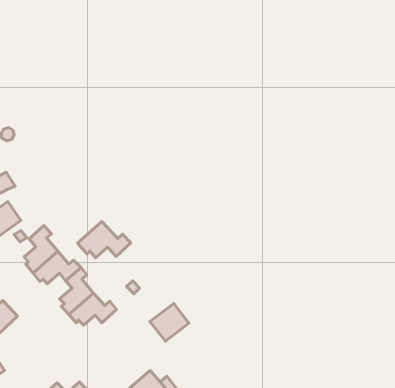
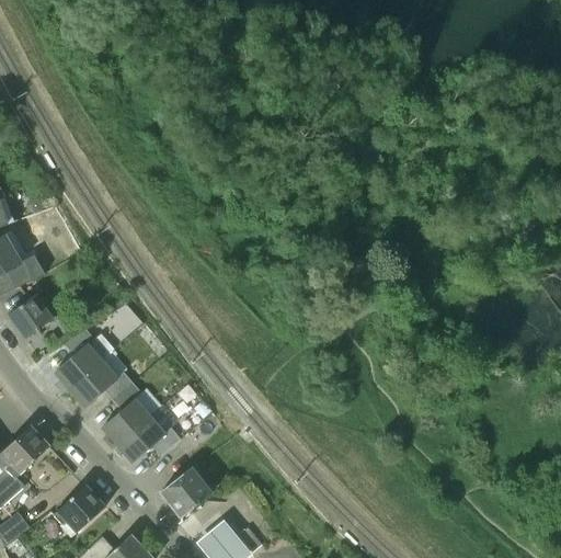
building: [78,221,131,258] -> none
building: [150,303,189,341] -> [159,468,210,519]
building: none -> [54,486,104,534]

